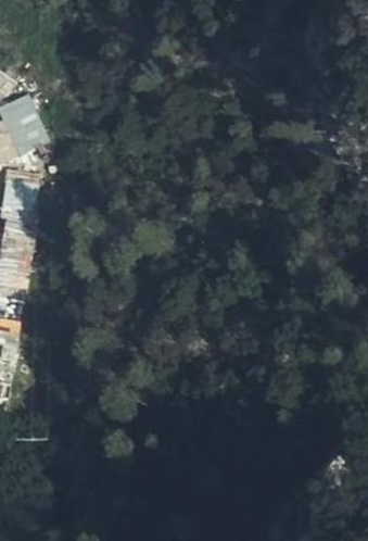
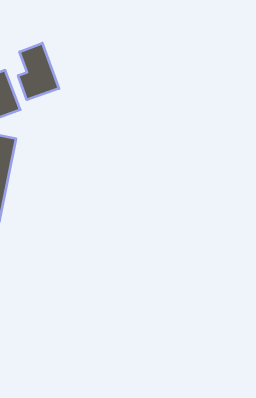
building: none -> [18,43,59,100]

